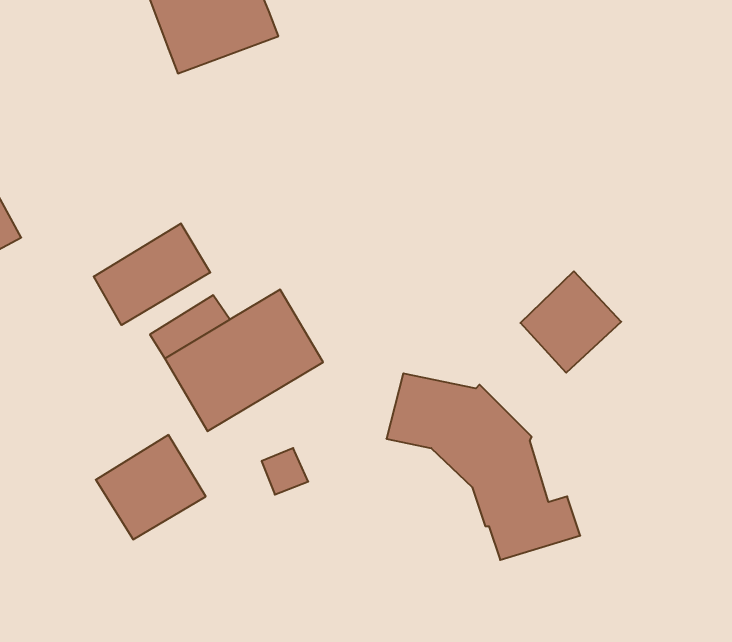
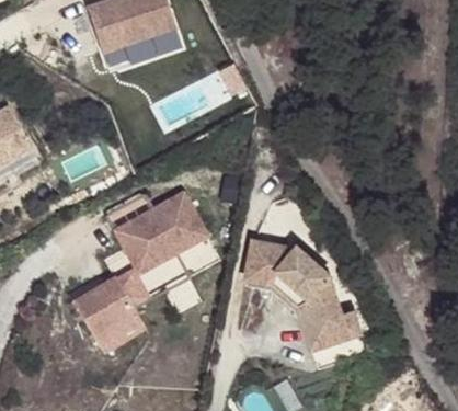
building: [94,223,210,325] -> none
building: [520,271,621,373] -> none

